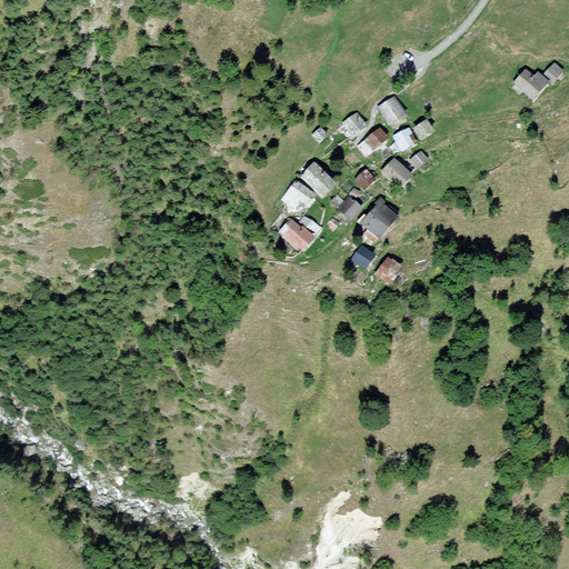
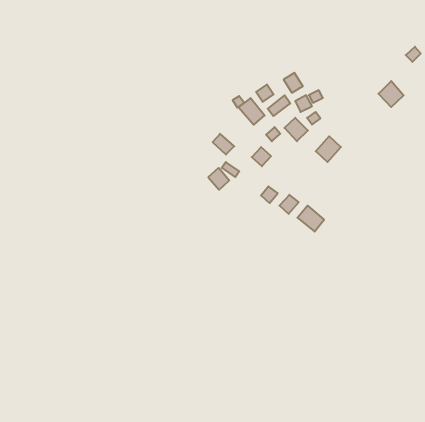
building: [513,64,547,99] -> [378,81,404,107]
building: [299,162,333,198] -> [239,98,265,125]
building: [361,203,395,238] -> [316,136,341,162]
building: none -> [297,206,324,232]

